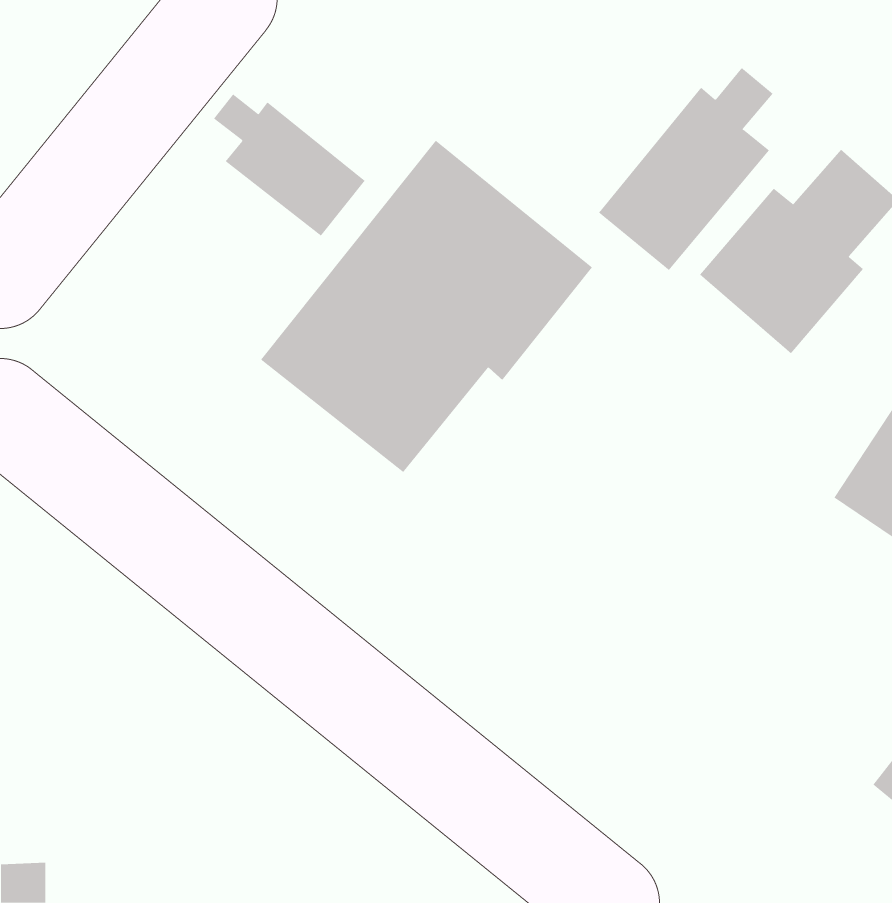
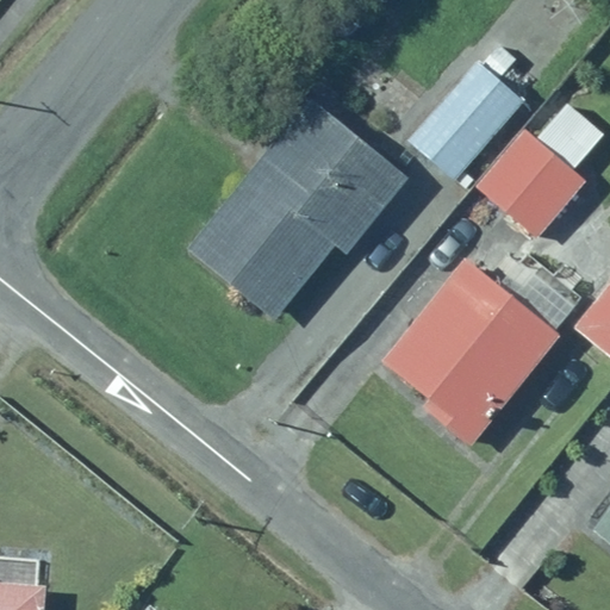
building: [213,93,365,237] -> none
building: none -> [380,257,556,436]

